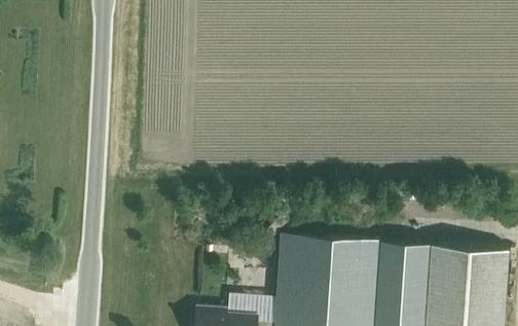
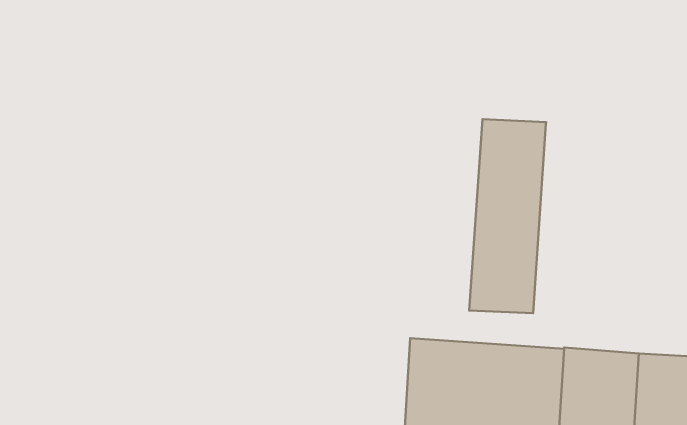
building: none -> [469,119,546,313]

